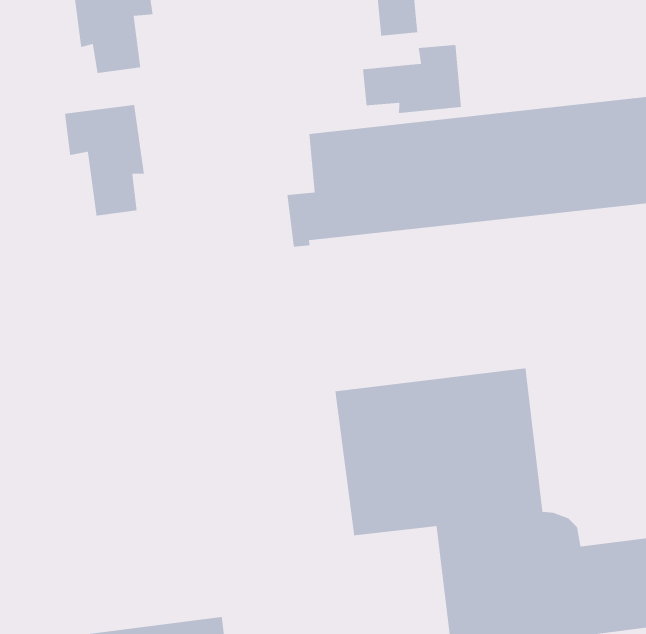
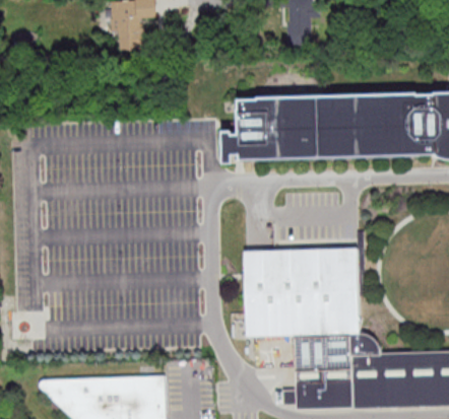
building: [362,44,462,114] -> none
building: [64,104,145,216] -> none

